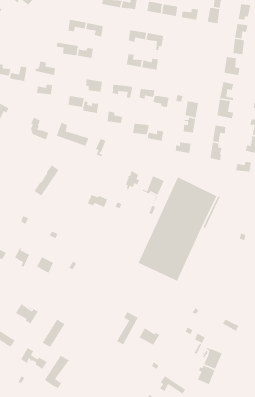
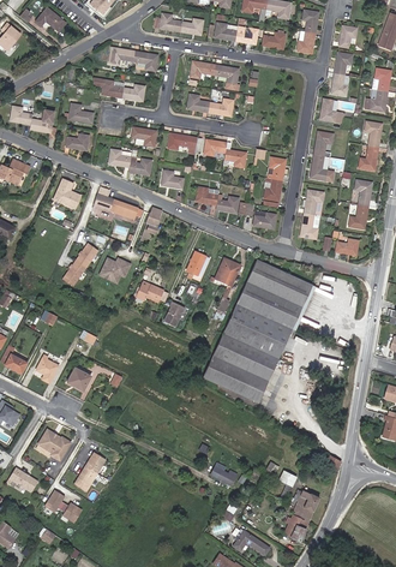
building: none -> [97,257,131,284]
building: [116,311,139,345] -> none
building: [44,355,70,389] -> none

